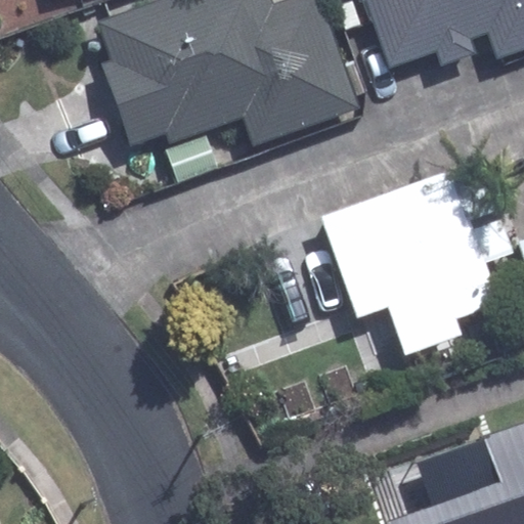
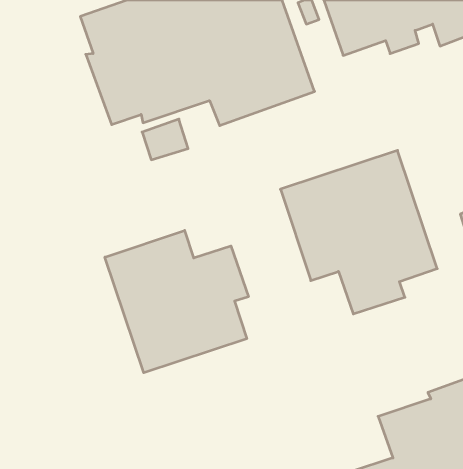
building: none -> [105,230,248,373]

